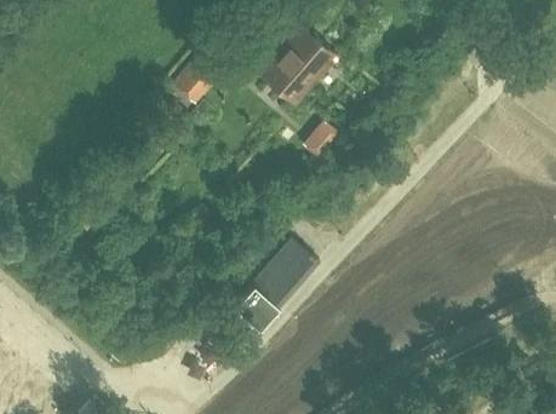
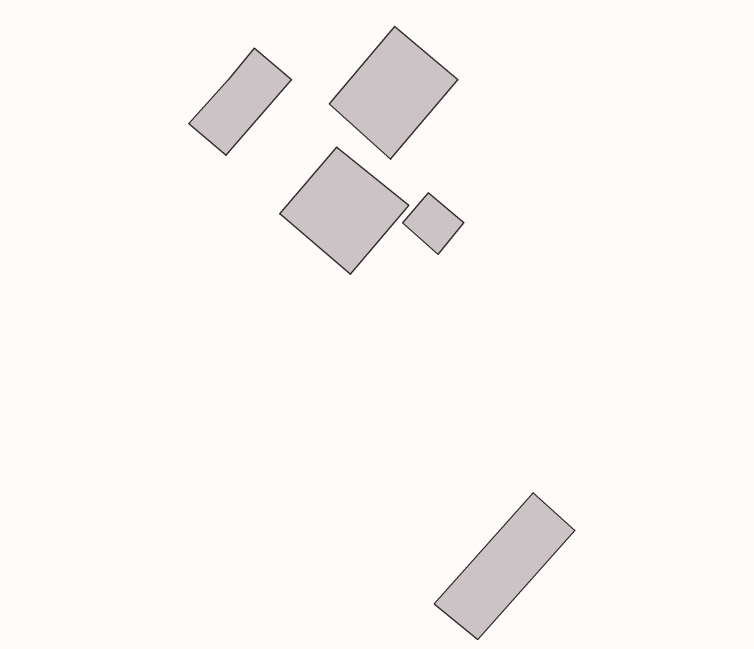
building: none -> [280,147,409,274]
building: [231,240,317,329] -> [434,493,575,639]

